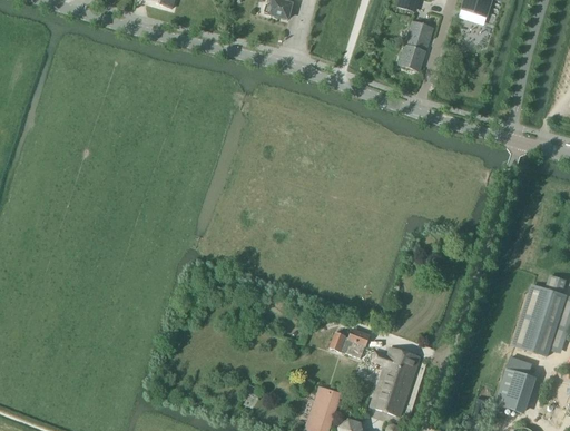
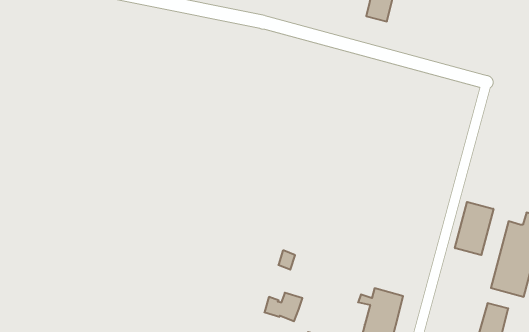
building: none -> [455,202,493,255]
building: [331,327,371,357] -> [264,293,302,321]

